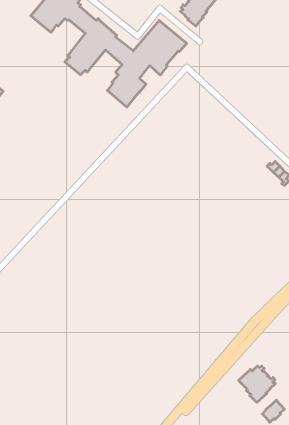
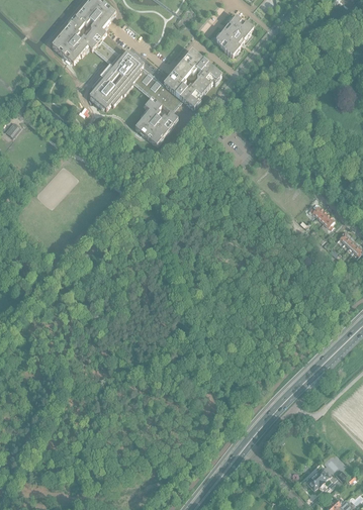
building: [239,366,275,402] -> none

